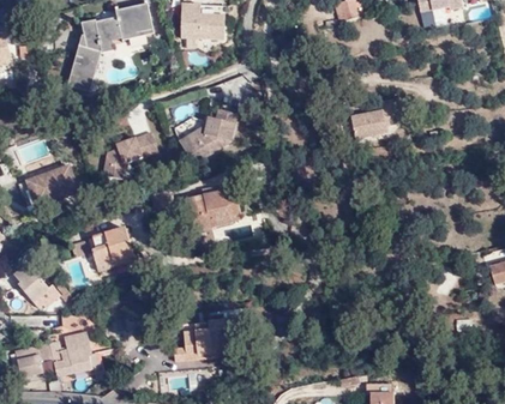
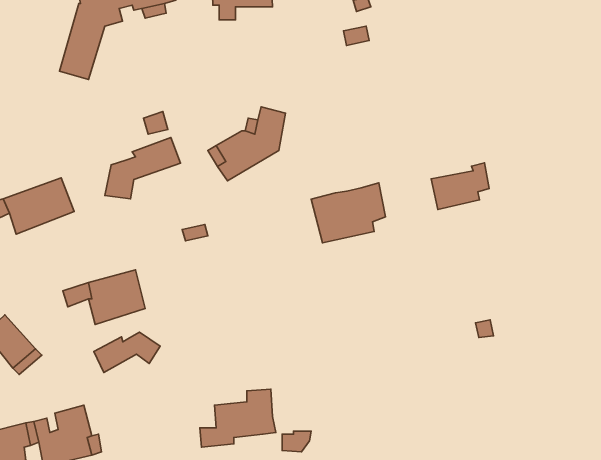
building: [350,104,393,139] -> [431,163,489,210]
building: [182,191,238,235] -> [311,183,385,243]
building: none -> [94,332,160,373]

